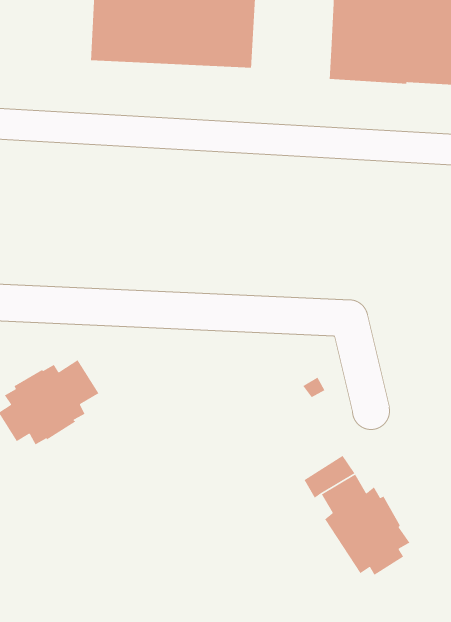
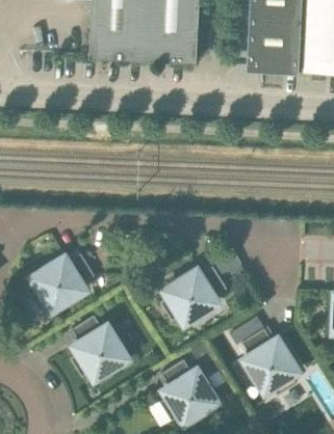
building: none -> [159,267,227,323]
building: none -> [70,316,128,379]
building: none -> [159,360,222,423]

